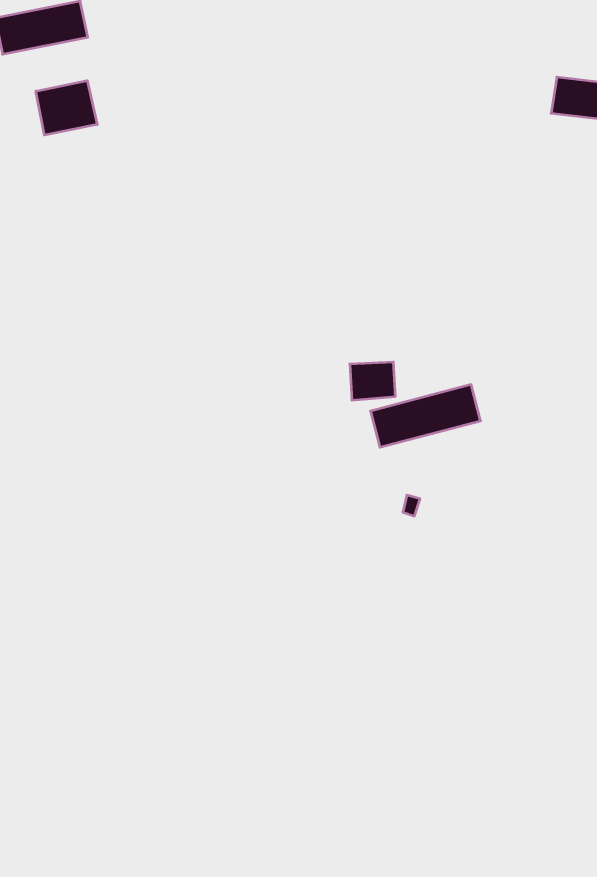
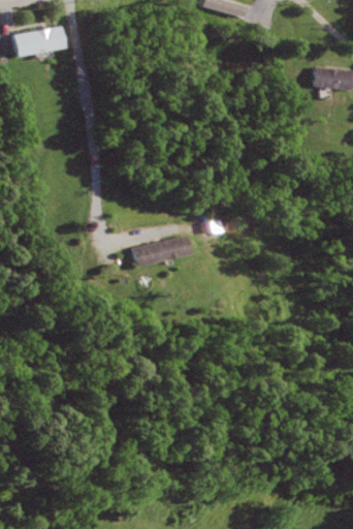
building: [36,81,97,135] -> none
building: [370,385,481,447] -> [132,234,192,268]

